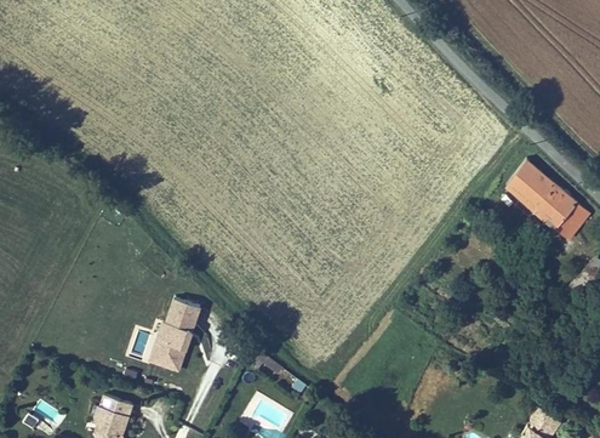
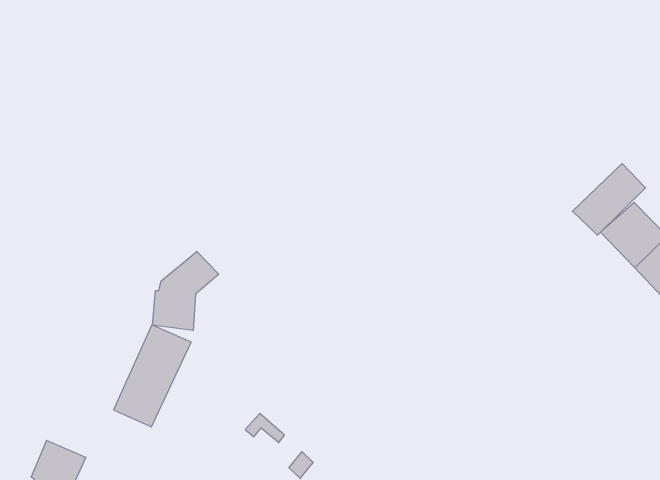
building: none -> [572,164,646,235]
building: none -> [152,251,219,331]

